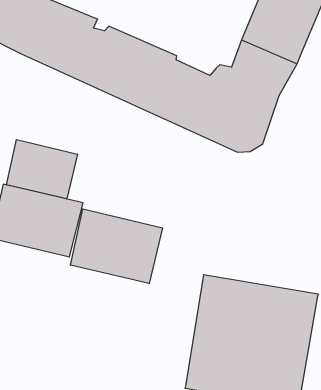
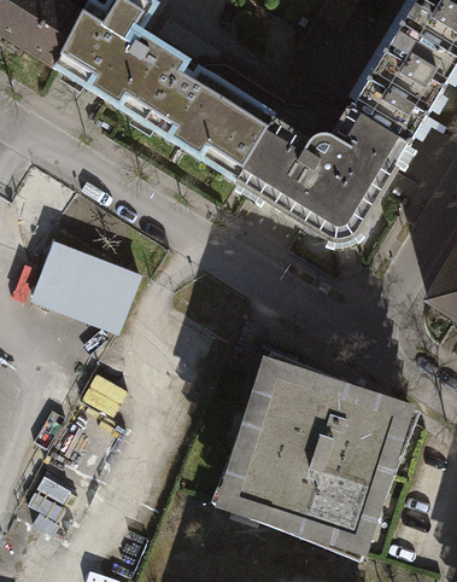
building: [6,140,77,199] -> none
building: [71,209,162,284] -> none

